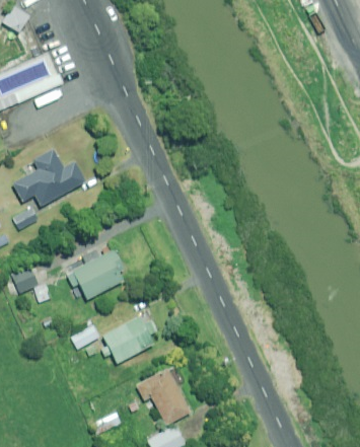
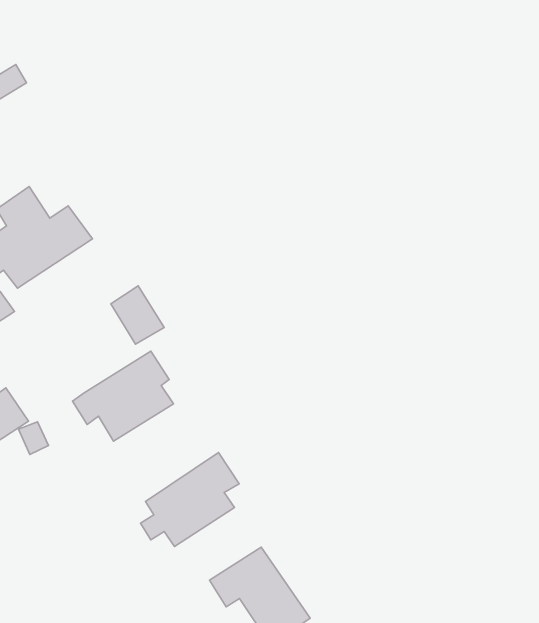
building: none -> [111,286,164,344]
building: [69,322,98,349] -> none

